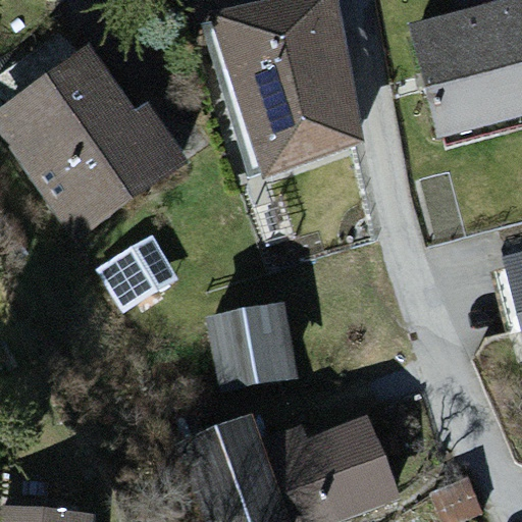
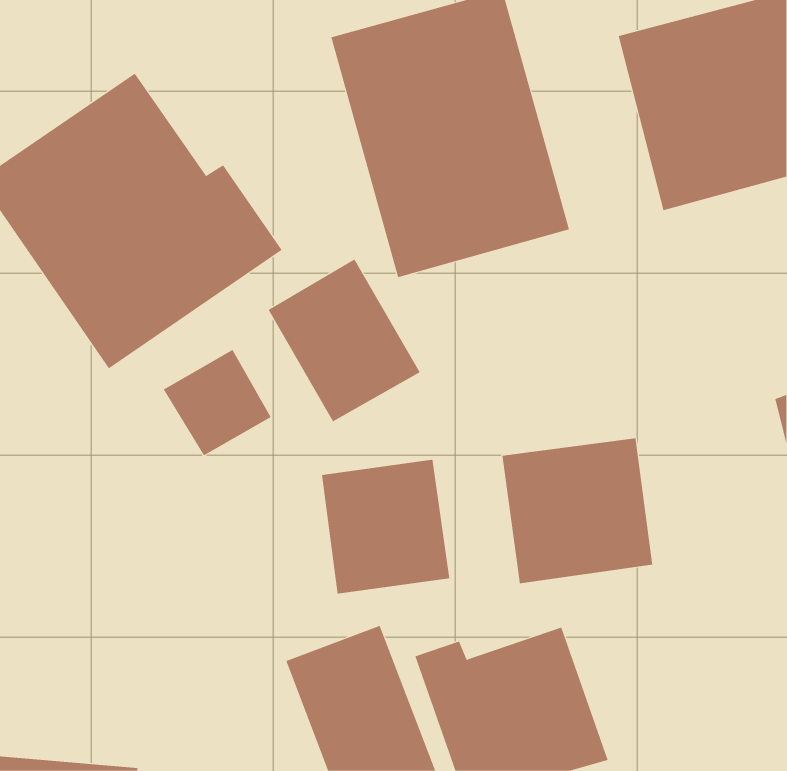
building: none -> [268,258,420,422]
building: none -> [502,438,653,584]

